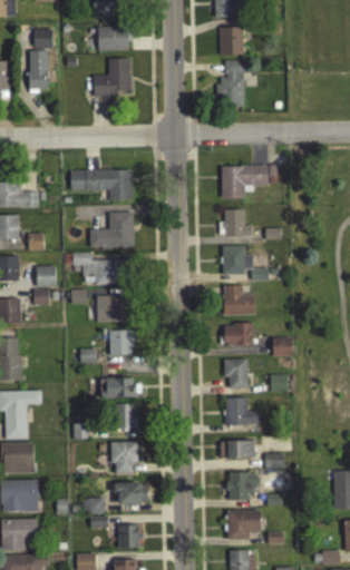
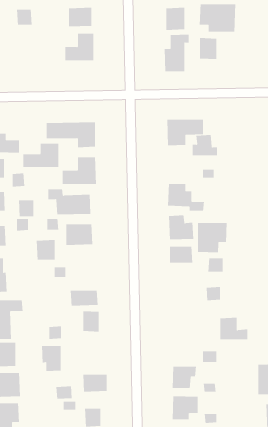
building: none -> [199,4,236,32]
building: [29,51,48,90] -> none
building: none -> [200,37,217,60]
building: none -> [23,143,59,168]
building: [220,209,252,236] -> [192,134,218,156]
building: none -> [198,222,227,253]
building: [109,330,134,355] -> [36,239,56,260]
building: [224,358,247,389] -> none
building: [225,397,261,425] -> [220,317,248,340]
building: [221,441,254,459] -> none
building: [110,442,136,474] -> [41,346,62,372]

